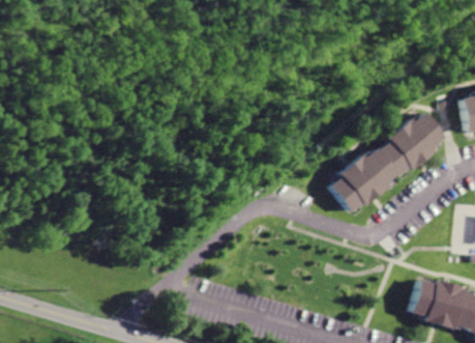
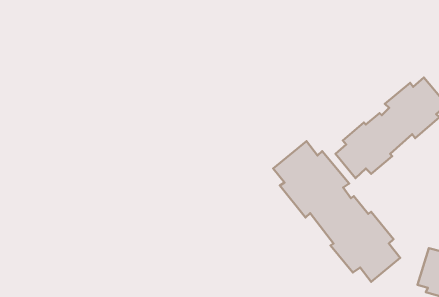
building: none -> [273,141,400,282]

